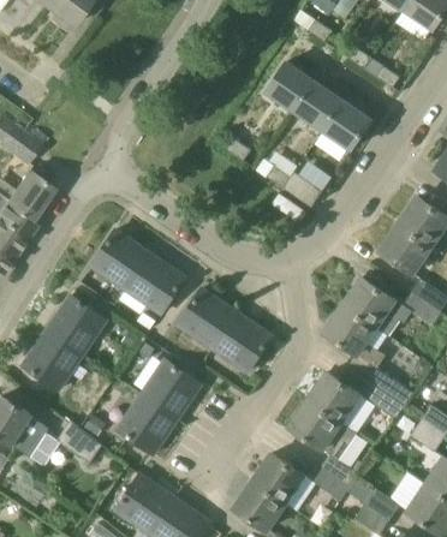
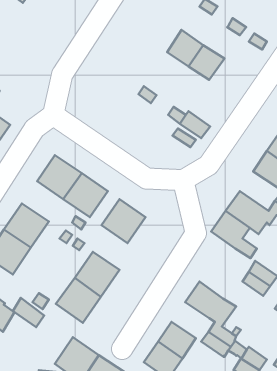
building: [321,101,370,150] -> none
building: [211,314,270,372] -> none
building: [308,374,358,423] -> none

